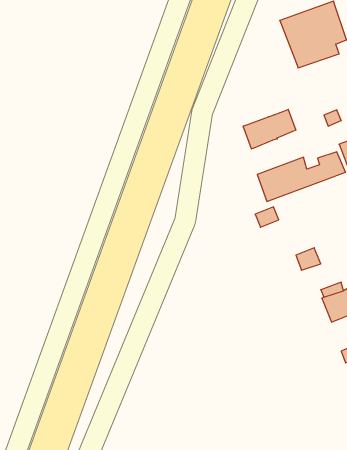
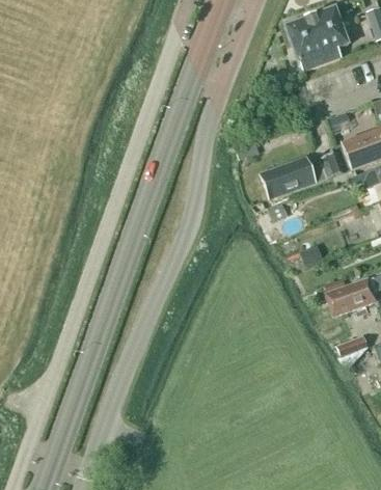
building: [243,109,296,149] -> none

